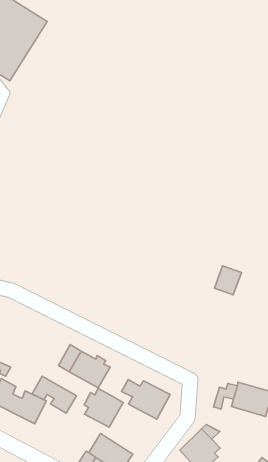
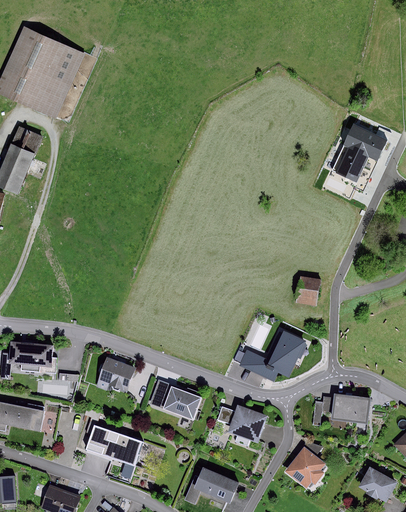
building: none -> [239,330,306,381]
building: none -> [97,357,134,391]
building: [32,376,76,413] -> none
building: [84,389,123,427] -> none

